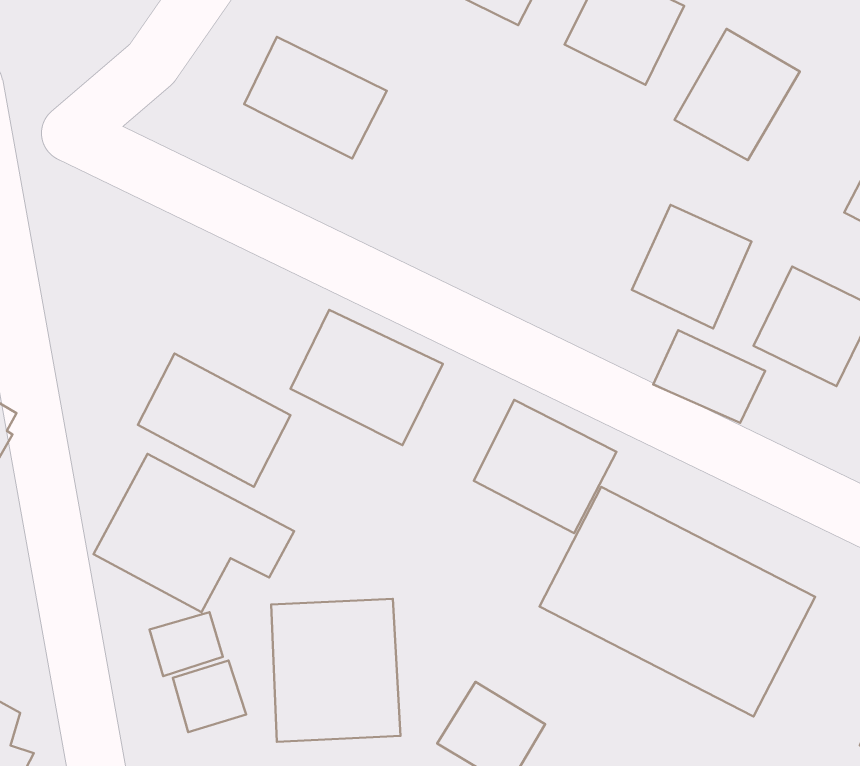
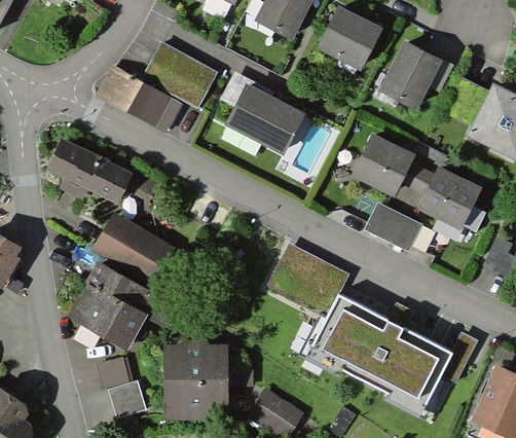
building: none -> [97,63,173,124]
building: none -> [46,141,132,207]
building: [291,310,443,445] -> [225,84,306,156]

